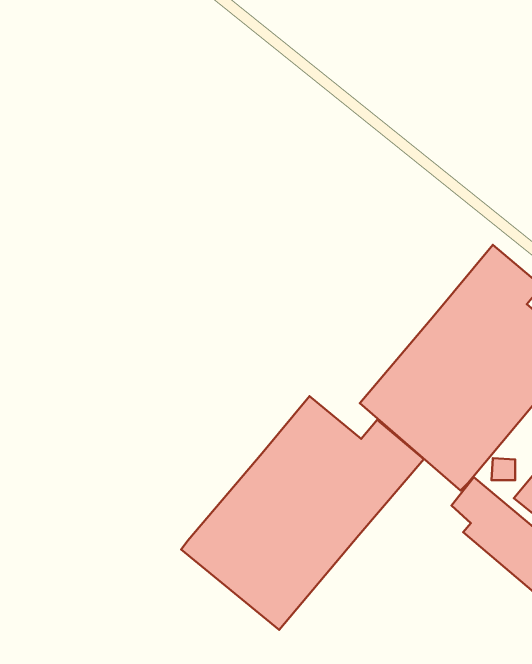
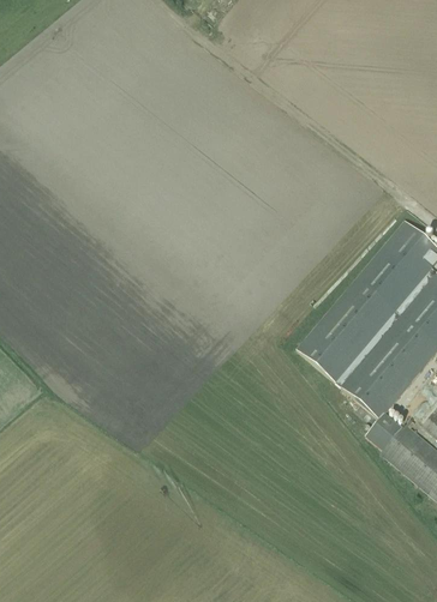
building: [181,396,424,630] -> none

